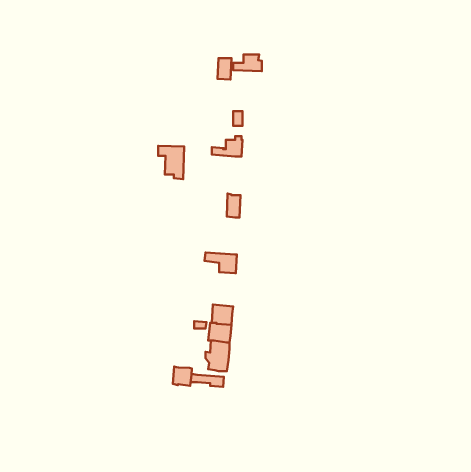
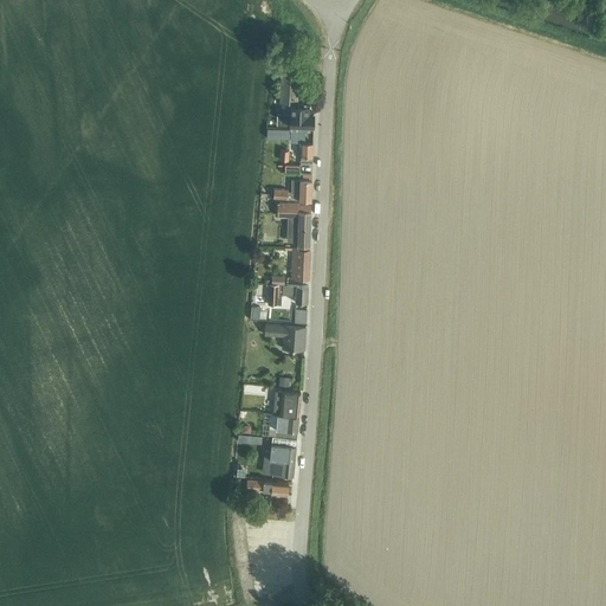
building: [233,55,262,71] -> [275,105,311,127]
building: [158,146,184,179] -> [276,205,309,247]
building: none -> [266,285,305,305]
building: [173,367,192,386] -> none

